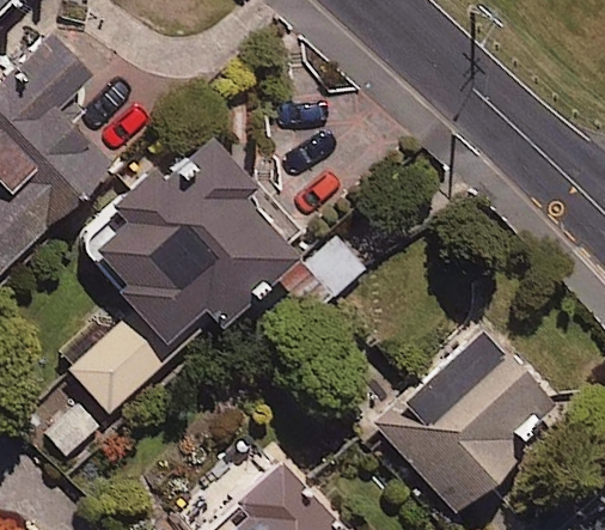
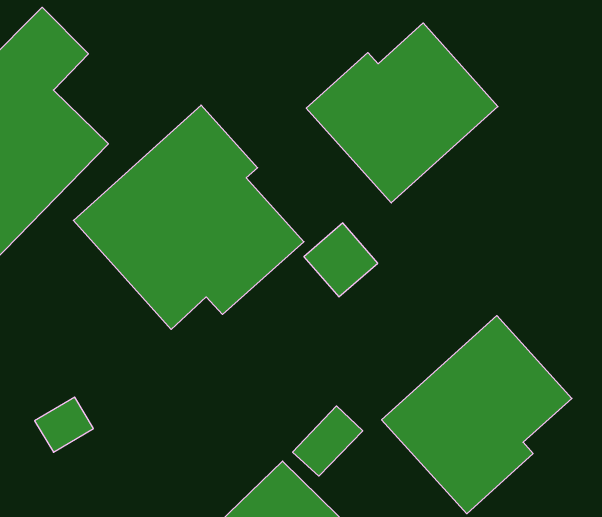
building: none -> [306,23,498,203]
building: [68,311,173,414] -> none

